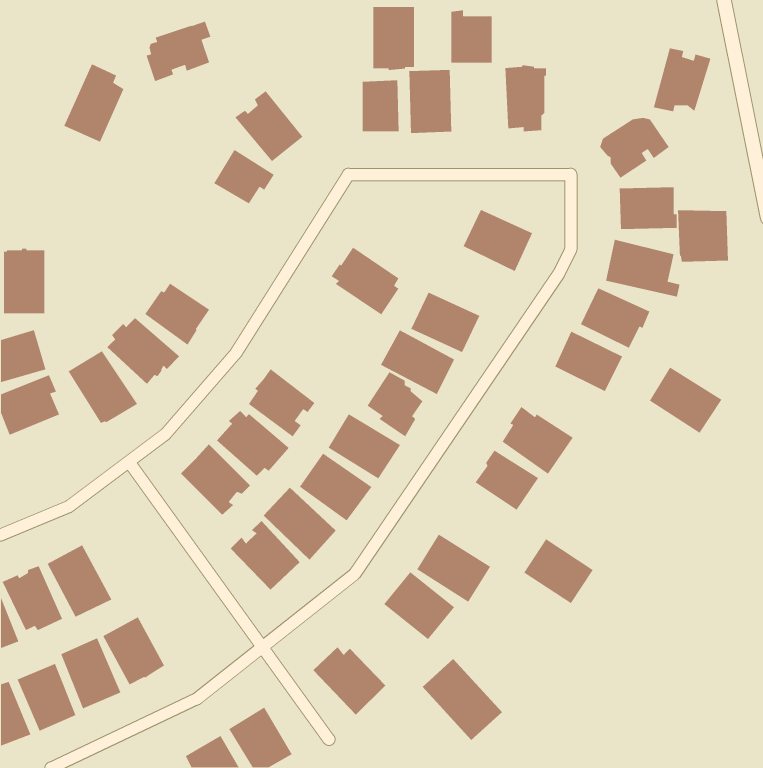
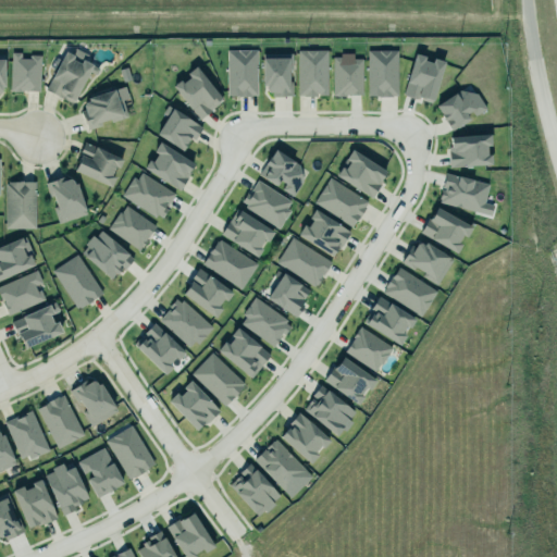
building: [373,6,415,71] -> [227,49,258,96]
building: [450,10,492,64] -> [335,57,366,96]
building: [146,21,212,82] -> [82,85,129,129]
building: [653,48,711,112] -> [405,50,447,97]
building: none -> [11,51,41,91]
building: none -> [74,140,123,186]
building: none -> [144,140,194,189]
building: none -> [260,148,304,196]
building: [677,210,729,262] -> none
building: none -> [122,172,175,216]
building: none -> [46,175,87,222]
building: none -> [317,177,371,226]
building: none -> [222,207,275,253]
building: none -> [205,239,260,289]
building: [649,366,722,434] -> [385,265,438,314]
building: none -> [11,304,62,348]
building: none -> [70,377,119,426]
building: [523,538,594,604] -> [326,357,377,405]
building: none -> [108,425,157,480]
building: [422,658,503,741] -> [256,438,314,498]

